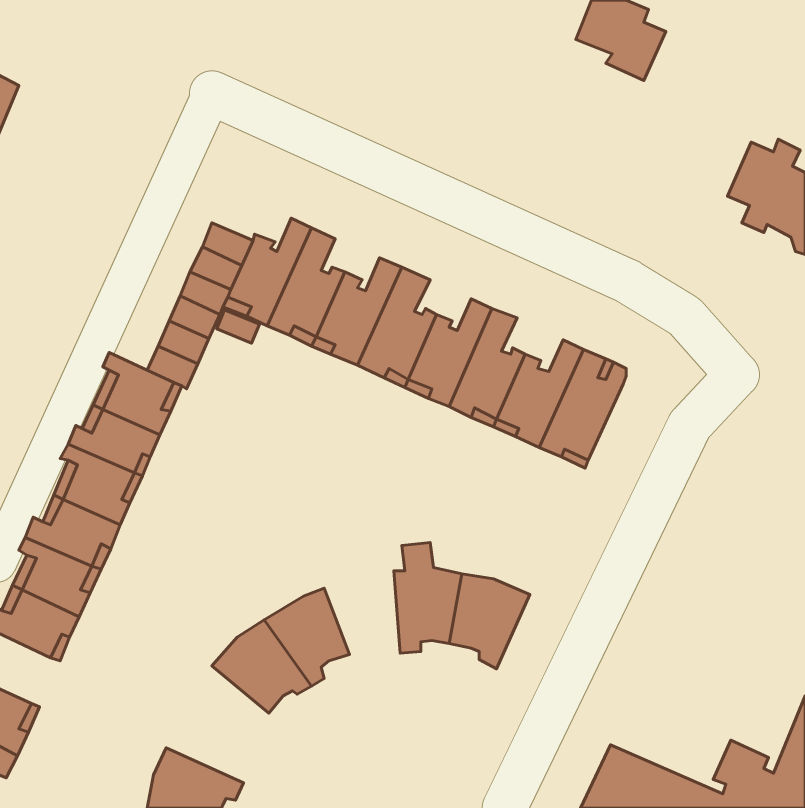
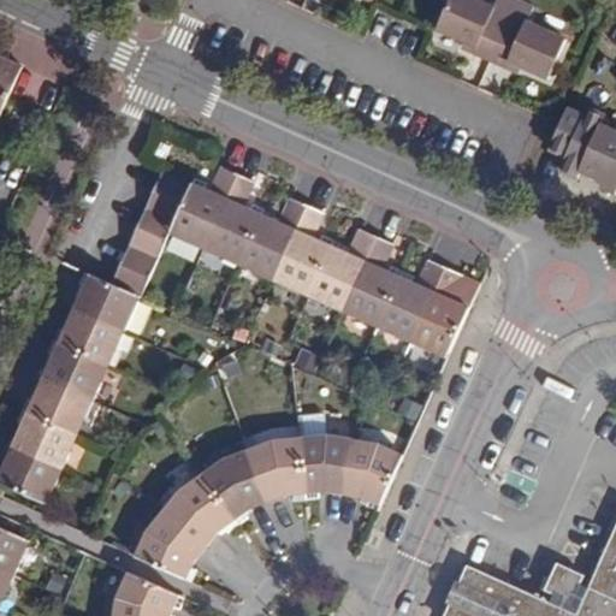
building: none -> [490,23,567,79]
building: none -> [247,434,304,498]
building: none -> [132,507,205,580]

